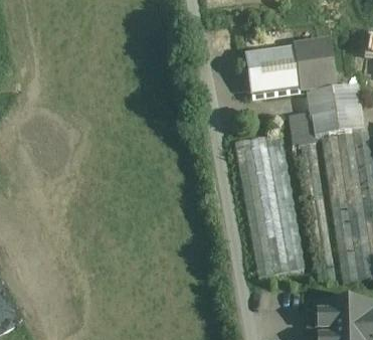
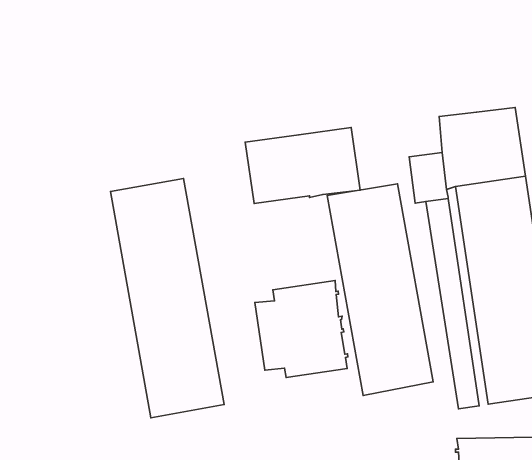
building: [256,41,334,93] -> [245,127,360,203]
building: none -> [110,178,224,418]
building: none -> [255,280,348,378]

